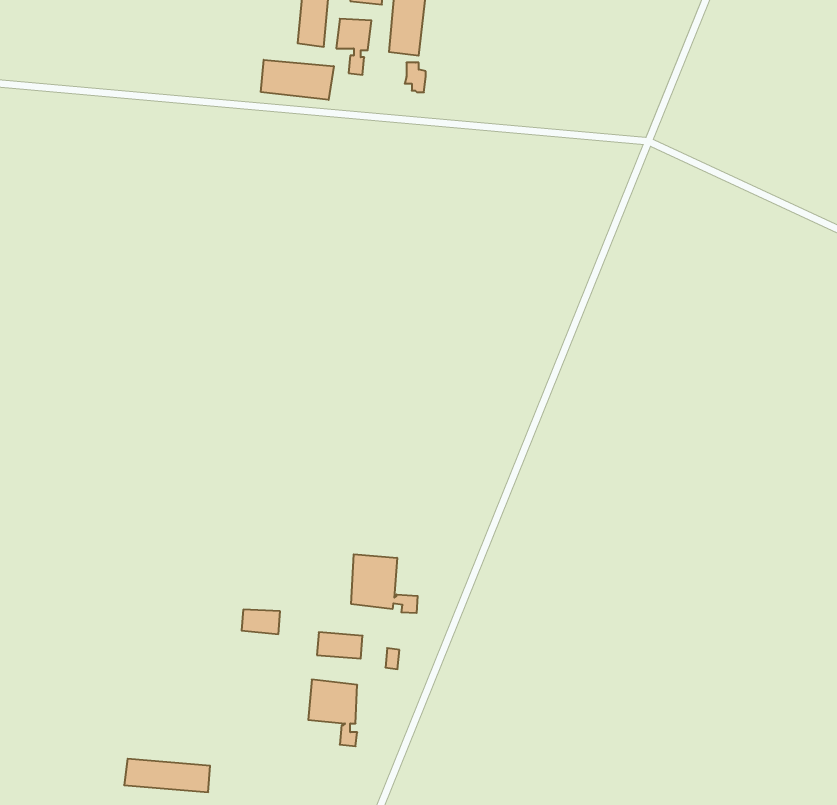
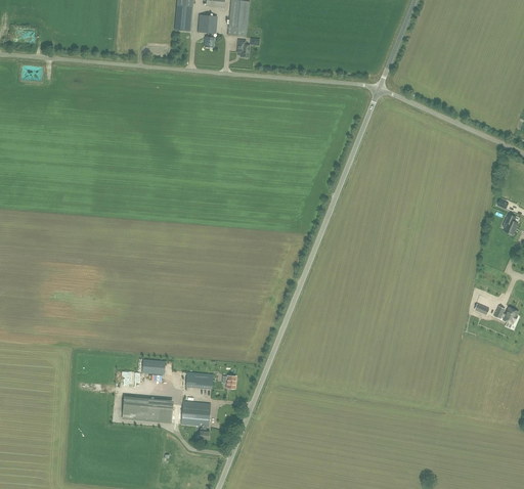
building: [261,60,334,100] -> none
building: [351,554,418,613] -> none
building: [124,759,210,792] -> [122,401,172,420]

